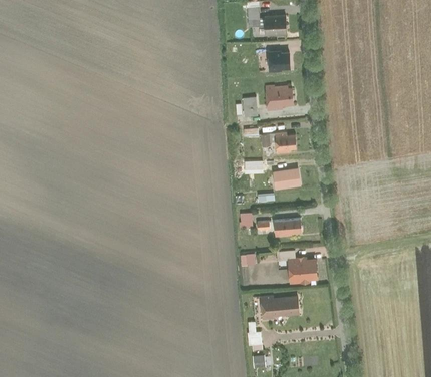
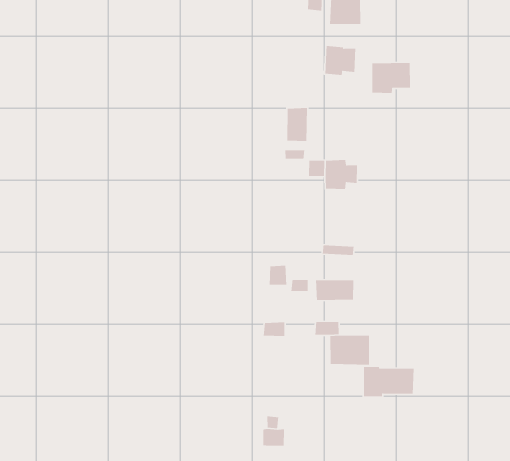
building: [264,85,294,110] -> [372,62,411,94]
building: [272,168,300,187] -> none
building: [260,295,298,319] -> [363,366,415,397]

